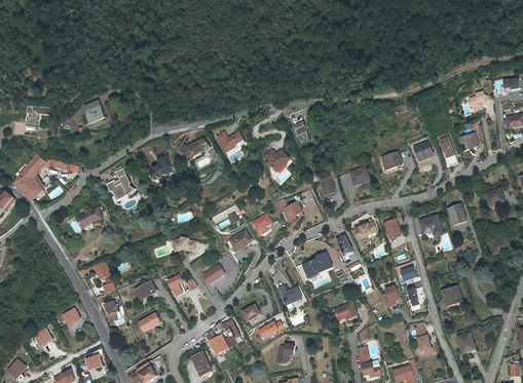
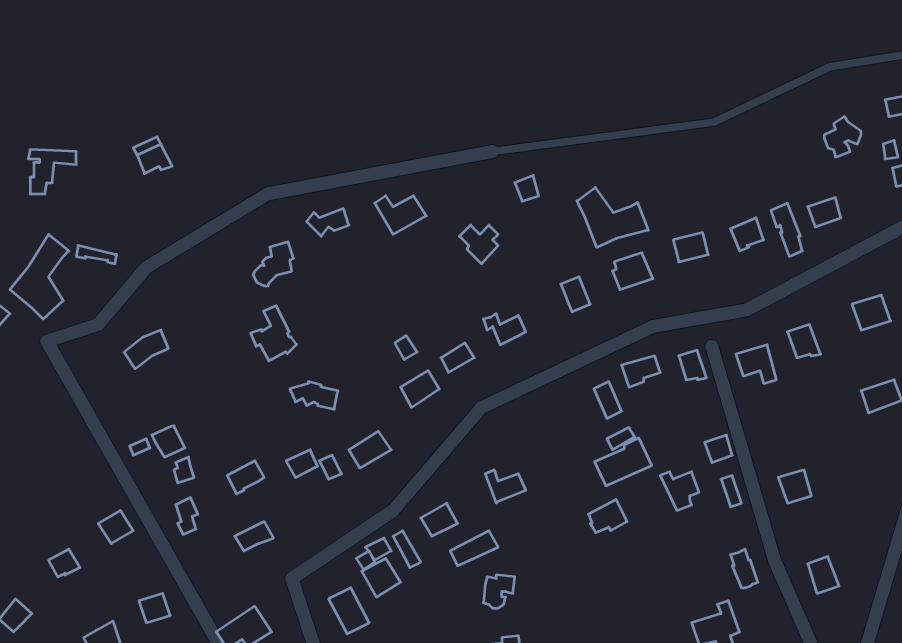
building: none -> [577,187,648,247]
building: [107,168,133,199] -> [251,306,297,361]
building: [301,252,333,278] -> [595,438,652,486]
building: [356,345,380,377] -> none

